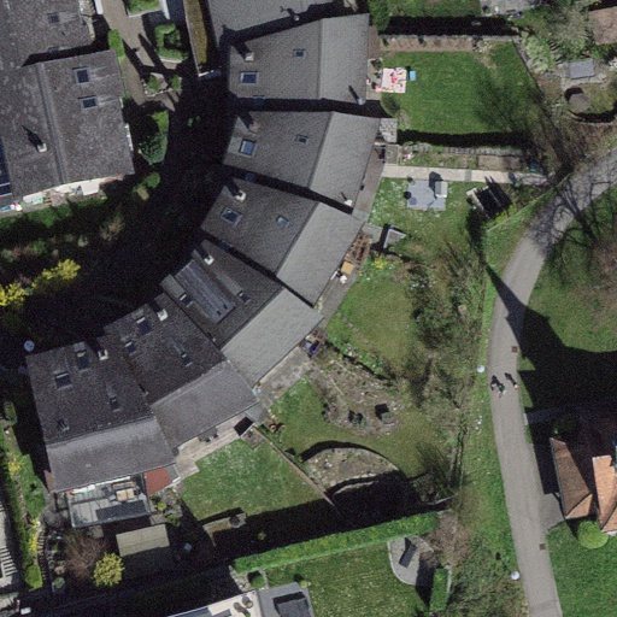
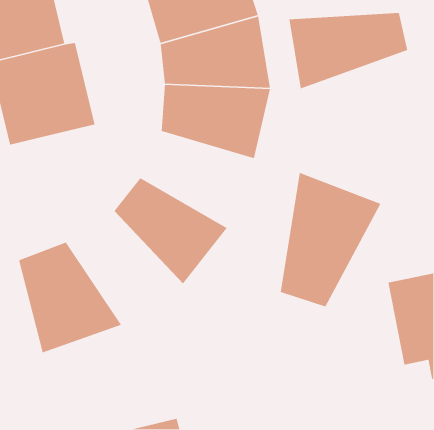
building: none -> [288,12,408,89]
building: [196,184,357,319] -> none
building: none -> [280,172,381,307]
building: [93,295,257,456] -> none

